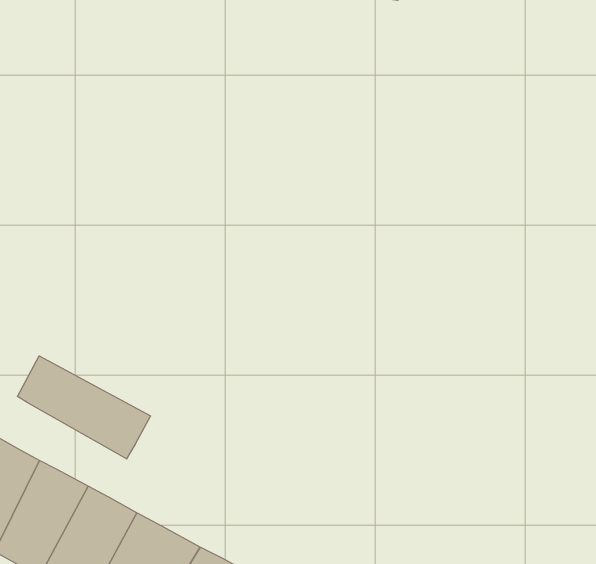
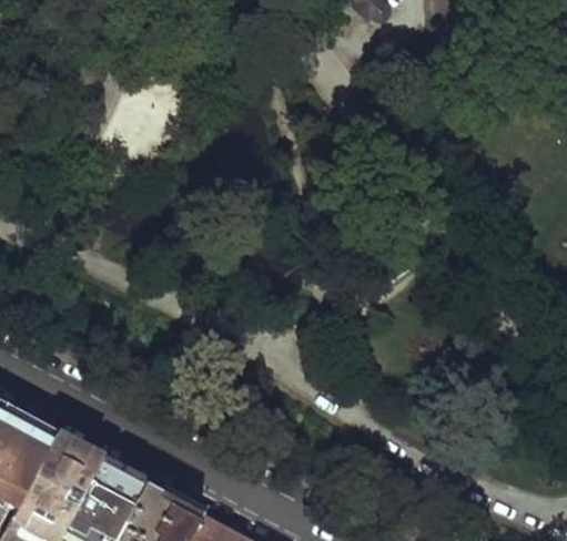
building: [17,356,151,459] -> none

